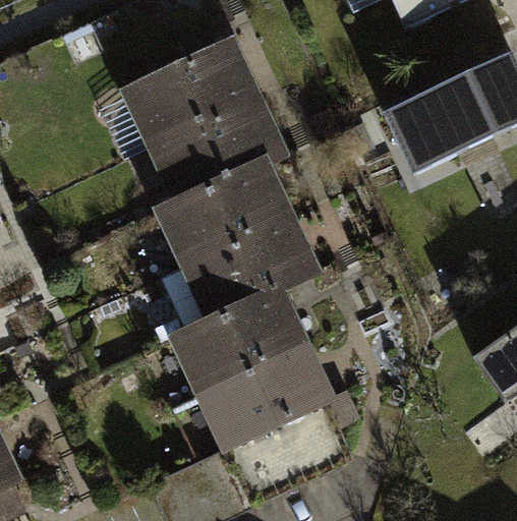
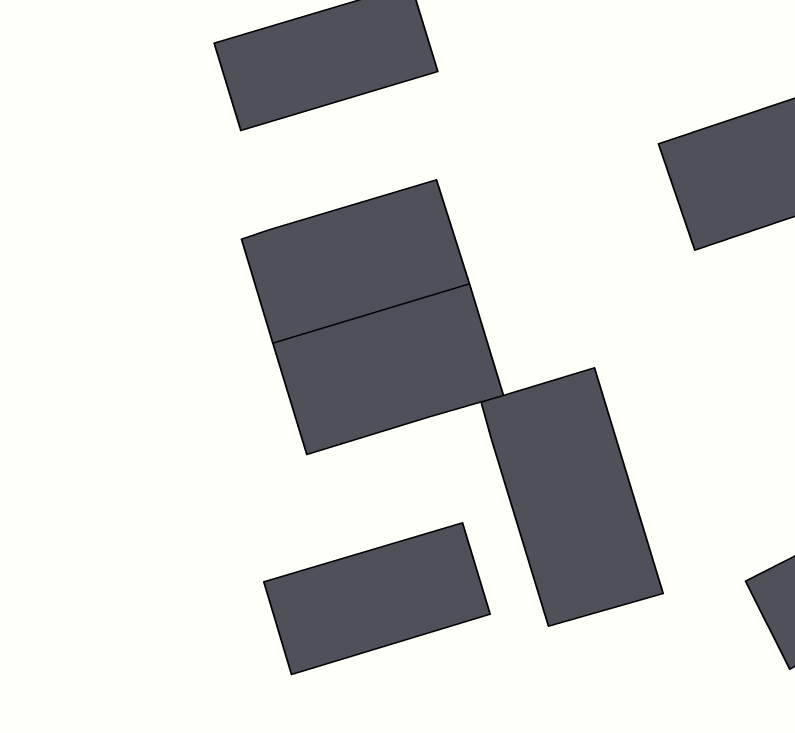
building: [149,91,282,194] -> none
building: none -> [481,368,663,626]
building: [172,289,307,397] -> none

